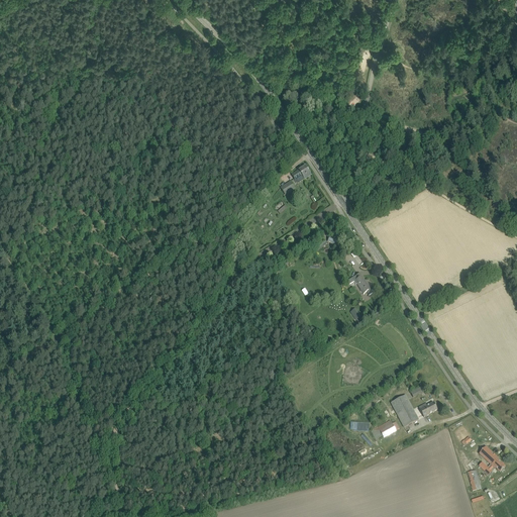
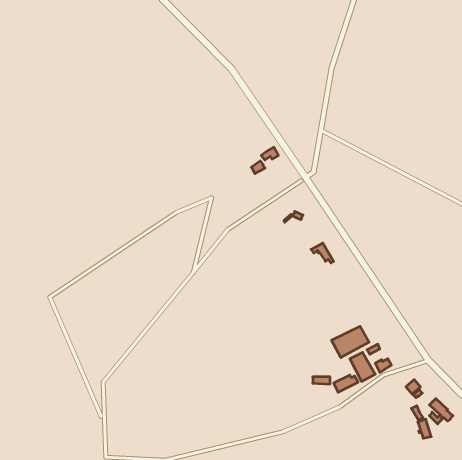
building: none -> [332,326,369,358]

